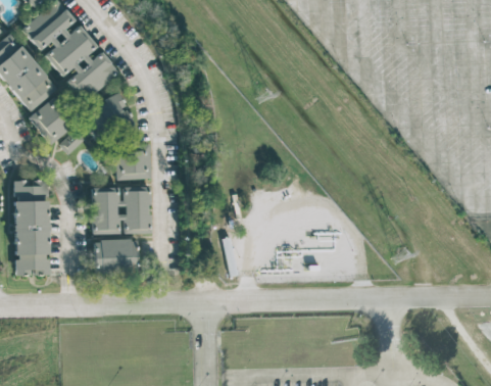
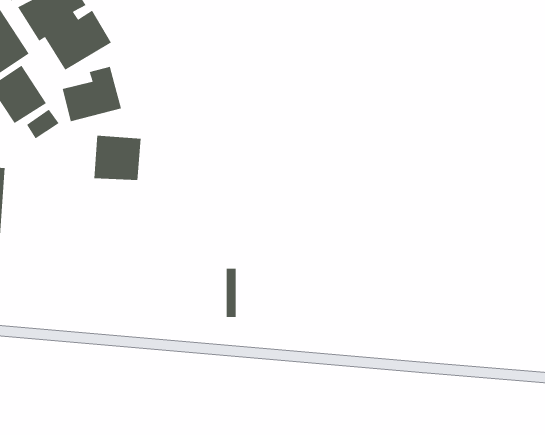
building: [93,186,150,233] -> none
building: [94,238,138,270] -> none

